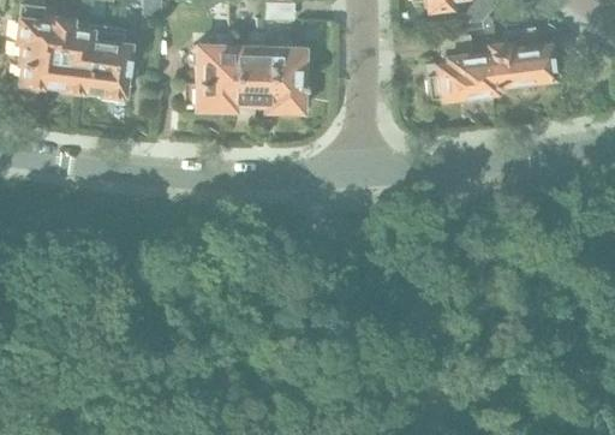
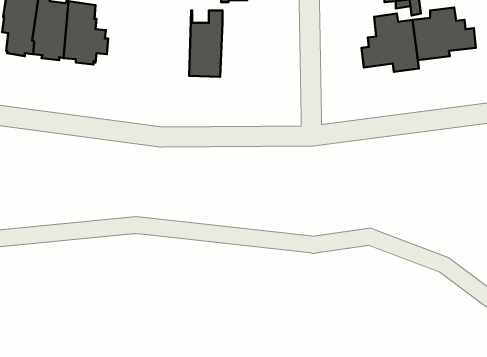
building: [187,32,234,108] -> none
building: [268,47,314,111] -> none

